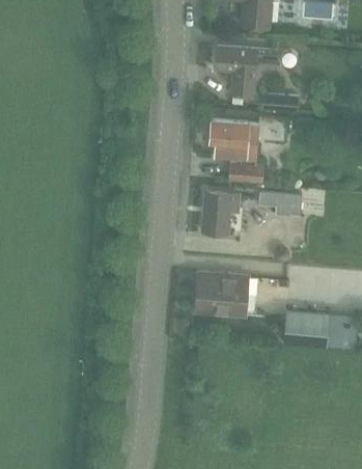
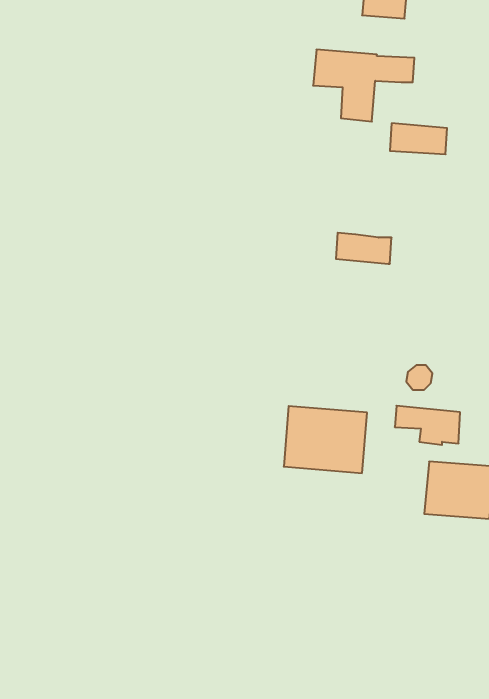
building: [207,120,258,160] -> none
building: [201,193,239,233] -> none
building: [258,193,300,218] -> [395,406,460,445]

